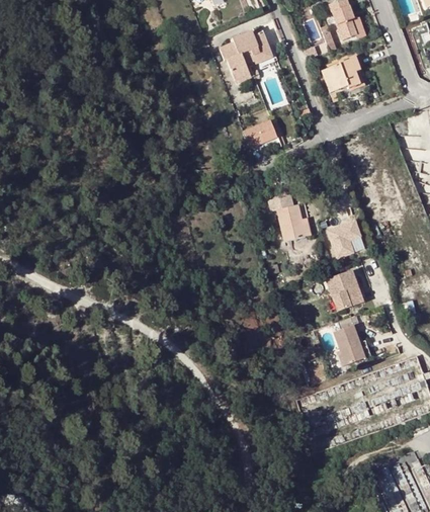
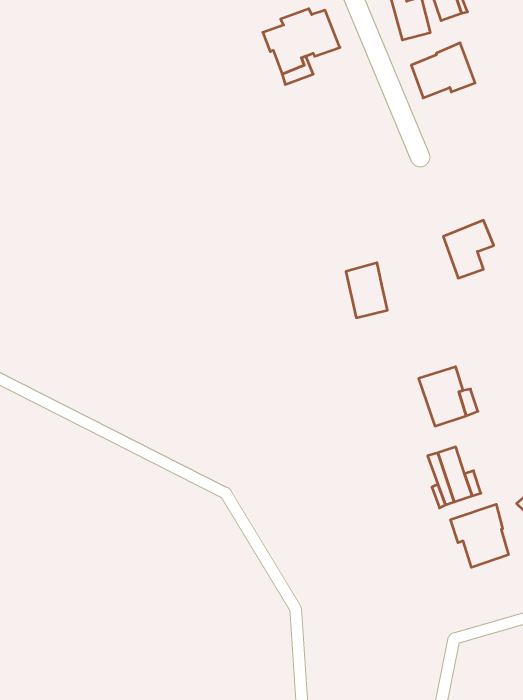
building: [242,118,275,145] -> none
building: [329,221,363,260] -> [443,220,494,278]
building: none -> [451,504,508,567]

